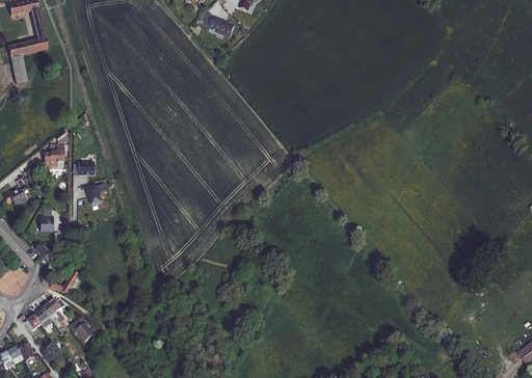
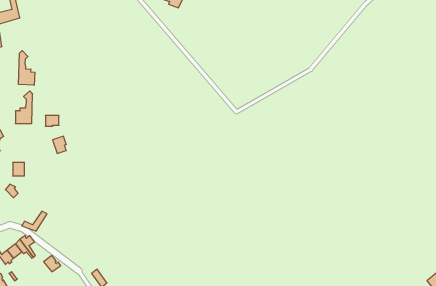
building: none -> [19,51,35,85]

